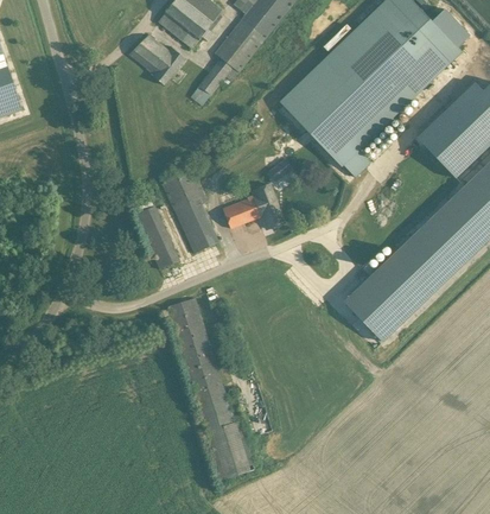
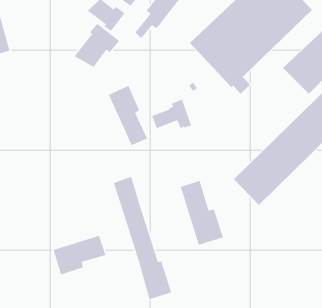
building: none -> [73,23,120,68]
building: [138,201,178,267] -> none
building: none -> [180,180,224,246]
building: none -> [53,235,106,275]

